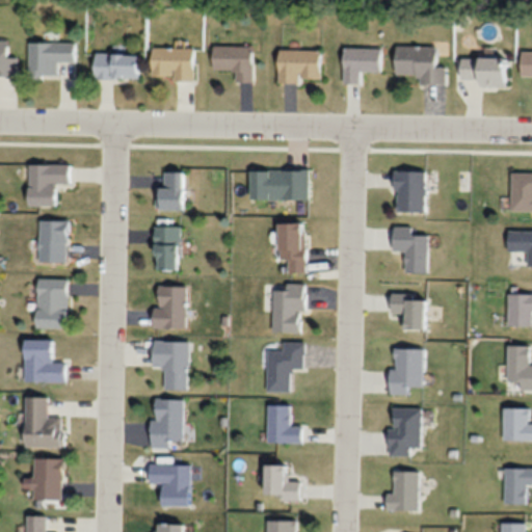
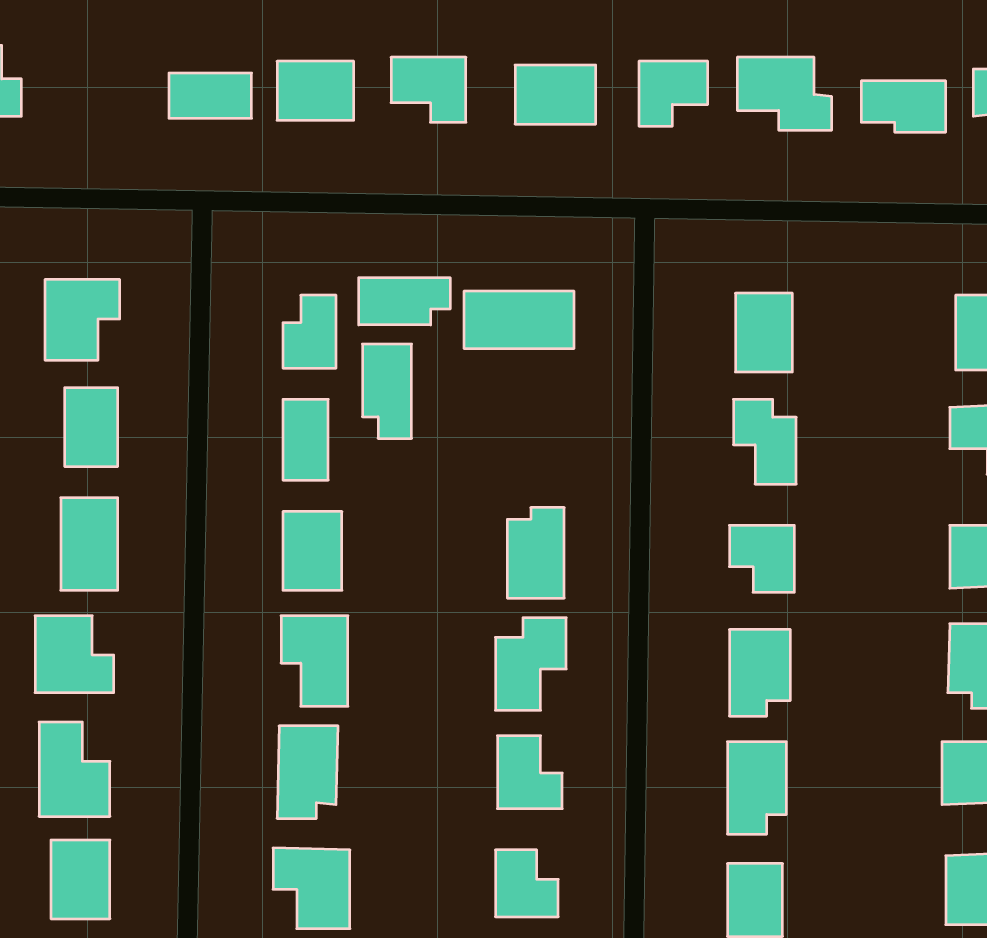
building: [26,42,74,77] -> none
building: none -> [359,278,450,325]
building: [278,222,304,272] -> [362,344,412,438]

